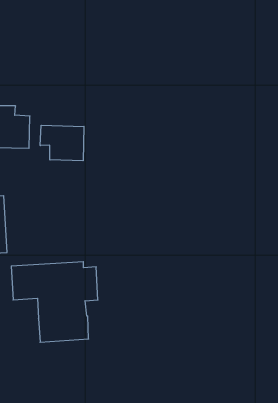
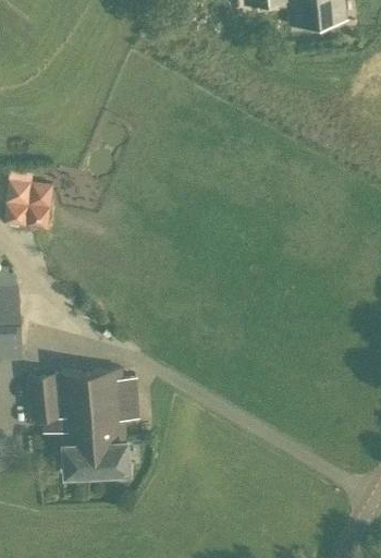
building: [40,125,84,161] -> none

